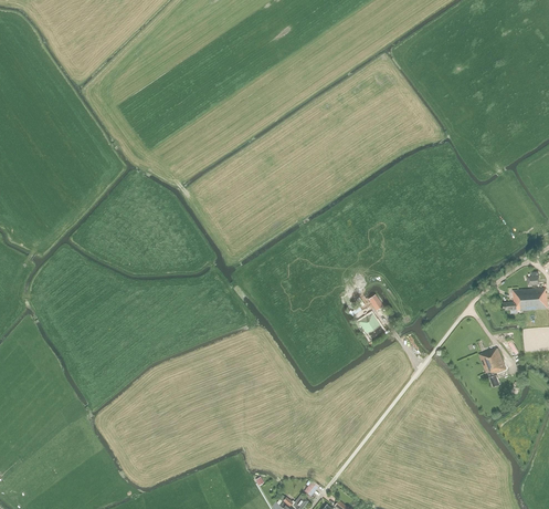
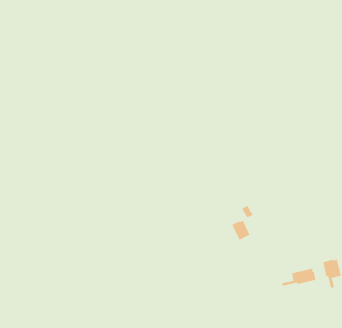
building: none -> [282,268,316,286]

